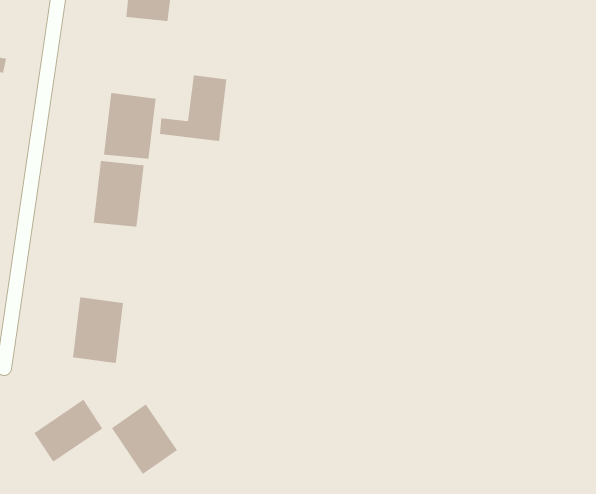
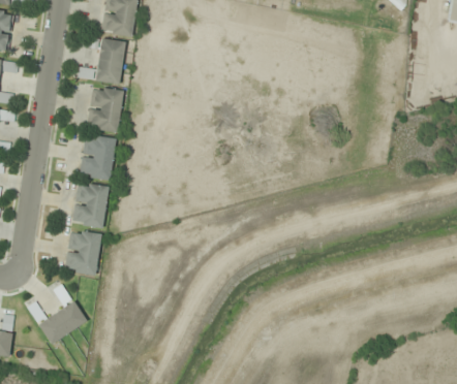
building: [159,75,227,141] -> [78,38,125,85]
building: none -> [72,183,109,229]
building: [111,404,178,475] -> none

